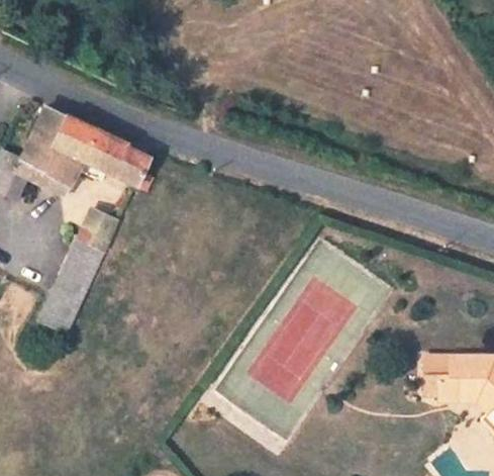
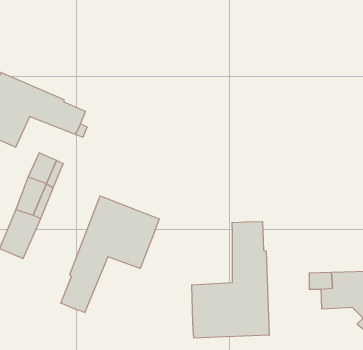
building: none -> [61,196,159,313]
building: none -> [192,222,269,338]

